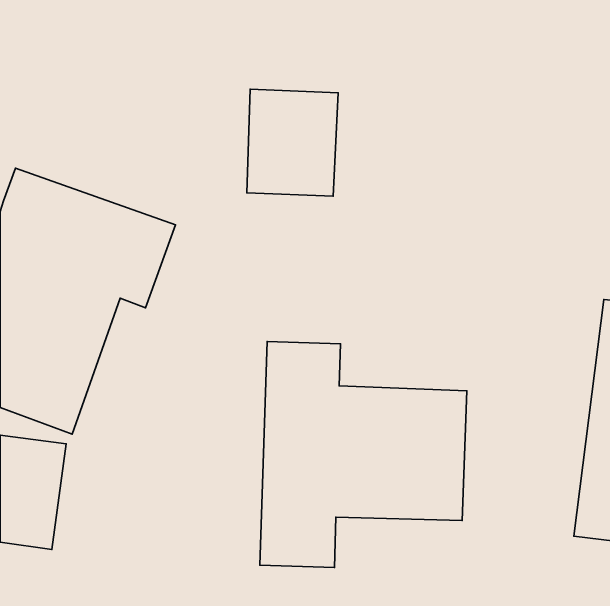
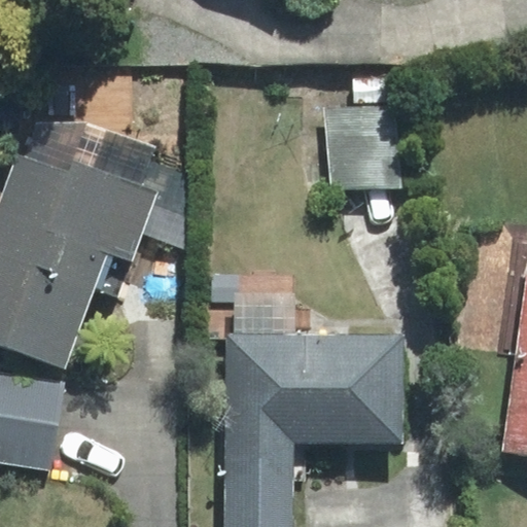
building: [247,89,338,196] -> [322,101,400,192]

